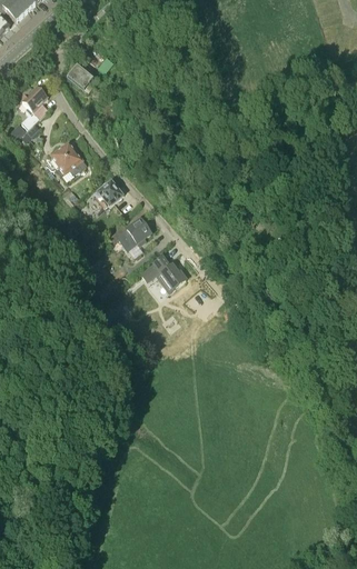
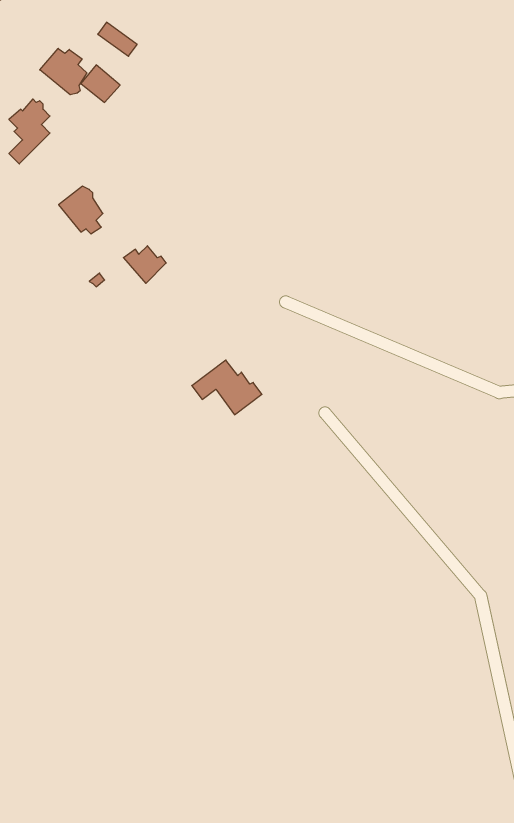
building: none -> [40,48,87,95]
building: [109,220,149,246] -> none

